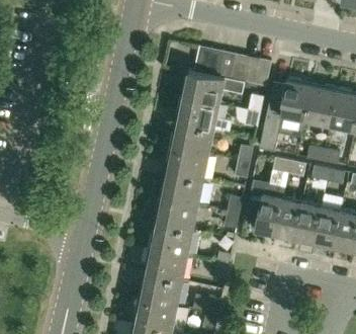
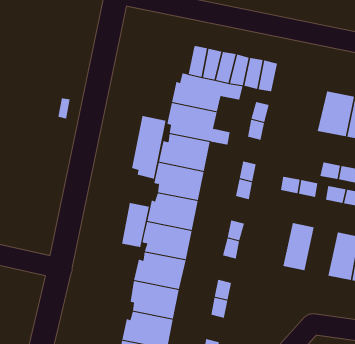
building: [260,80,313,151] -> none
building: none -> [131,115,166,180]
building: [243,180,285,235] -> none
building: none -> [122,202,149,248]
building: [294,201,322,243] -> none

